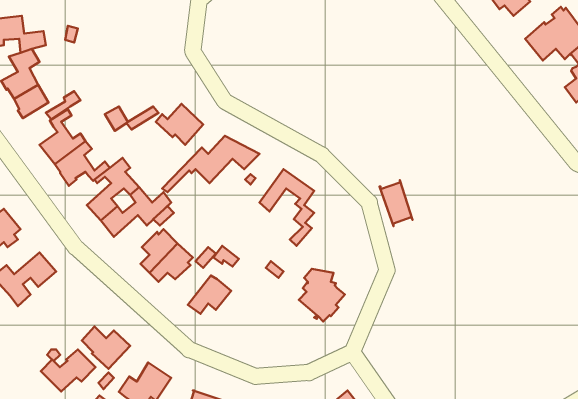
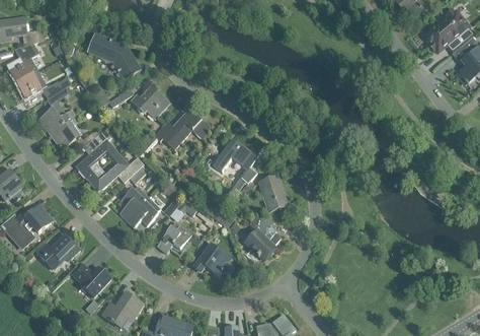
building: none -> [87,33,140,79]
building: [379,180,413,226] -> [259,176,286,212]
building: none -> [193,244,232,275]
building: [41,349,96,392] -> [35,234,79,268]

